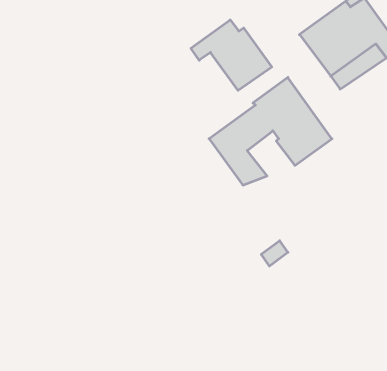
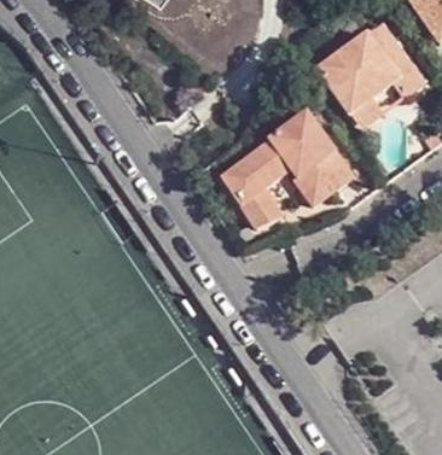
building: [191,20,272,90] -> none

